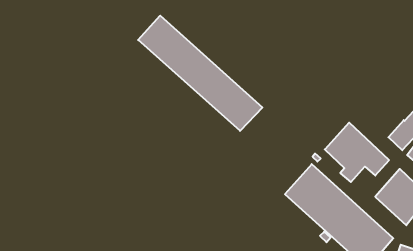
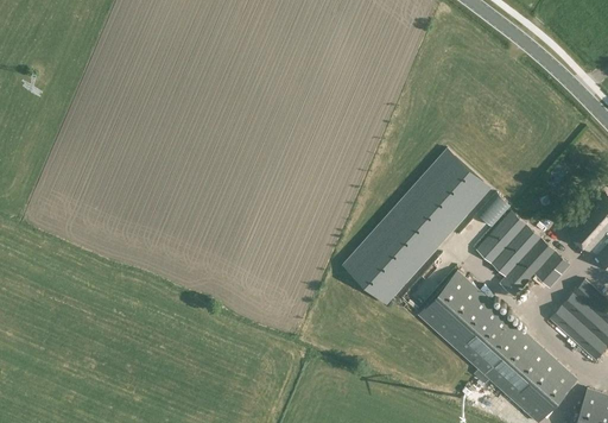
building: [138,16,262,131] -> none
building: none -> [343,149,492,304]

